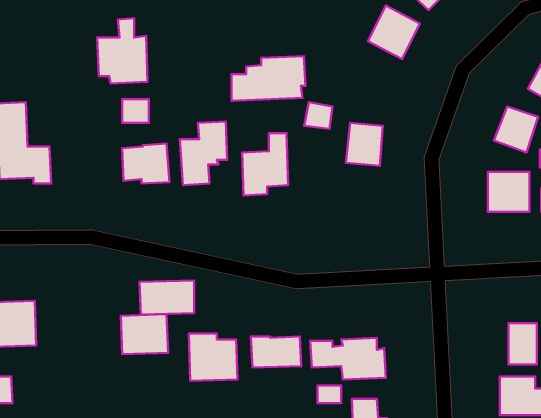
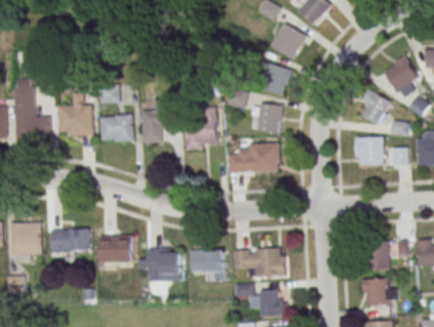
building: [97,18,148,83] -> [57,93,92,138]
building: [231,56,305,101] -> [227,145,278,175]
building: none -> [262,62,290,94]
building: [139,280,194,314] -> [50,231,88,254]

